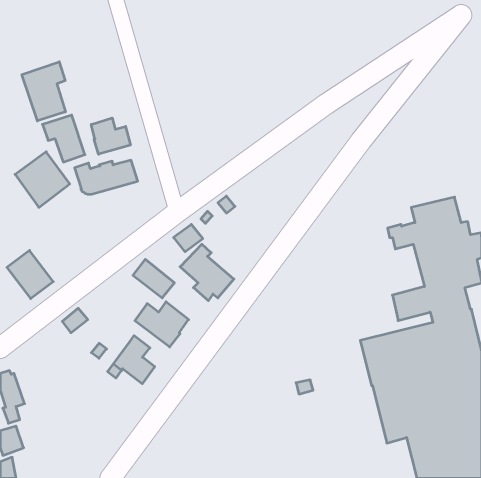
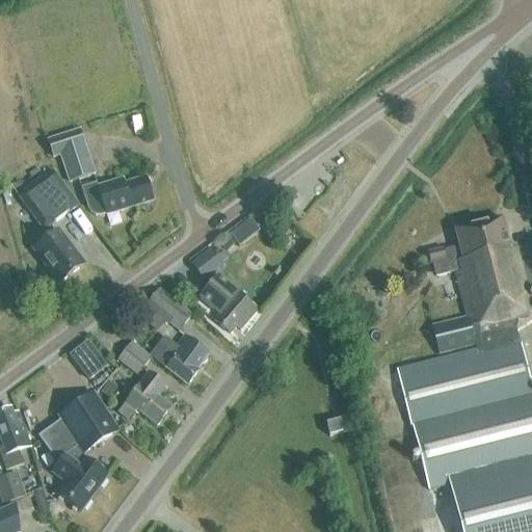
building: [22,62,65,121] -> none
building: [91,118,130,154] -> none
building: [7,250,53,299] -> [34,228,85,281]
building: none -> [118,341,151,373]
building: none -> [39,392,117,509]

